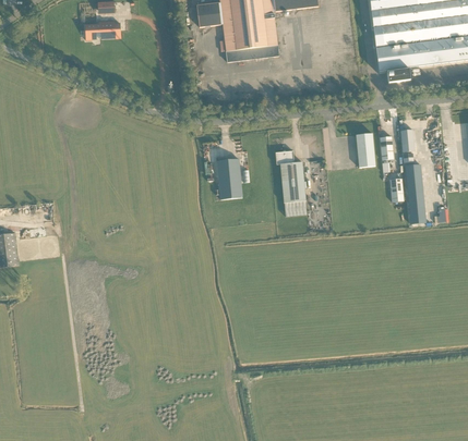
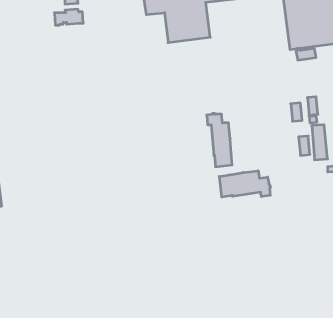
building: [356,133,375,167] -> none
building: [217,158,242,199] -> none
building: none -> [219,171,270,197]

